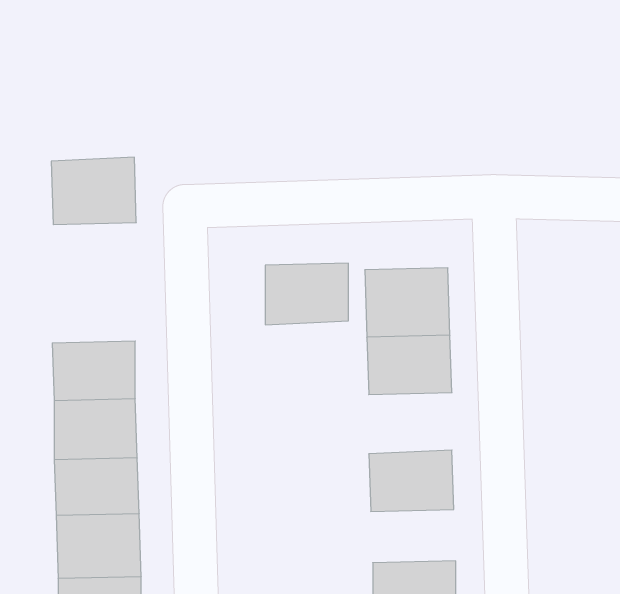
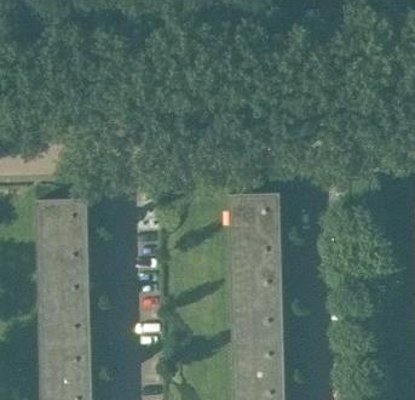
building: [51,157,136,225] -> [36,198,88,239]
building: [265,263,348,325] -> [231,269,282,307]
building: none -> [232,341,284,373]

